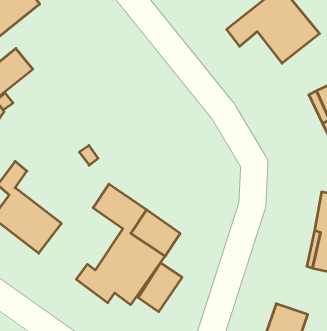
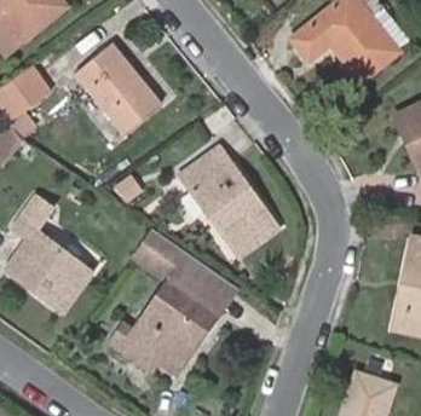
building: none -> [75,45,160,134]
building: none -> [181,148,277,256]
building: [138,263,182,312] -> none

